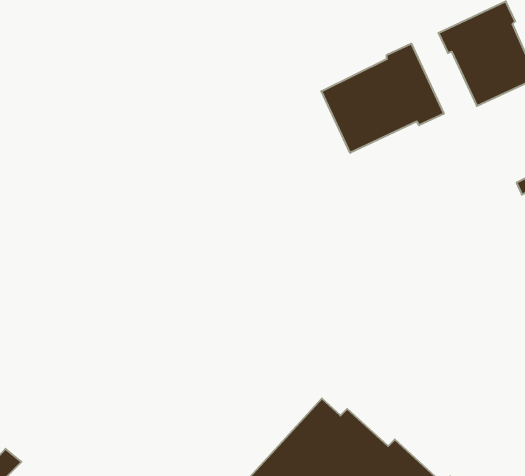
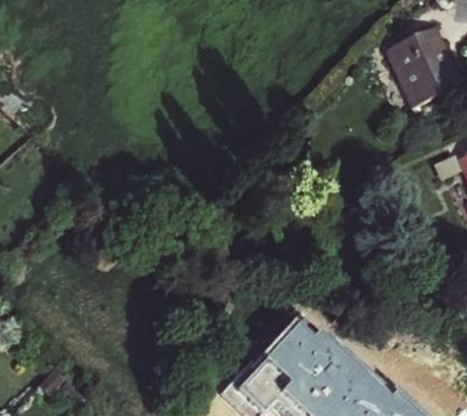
building: [321,44,444,153] -> none

